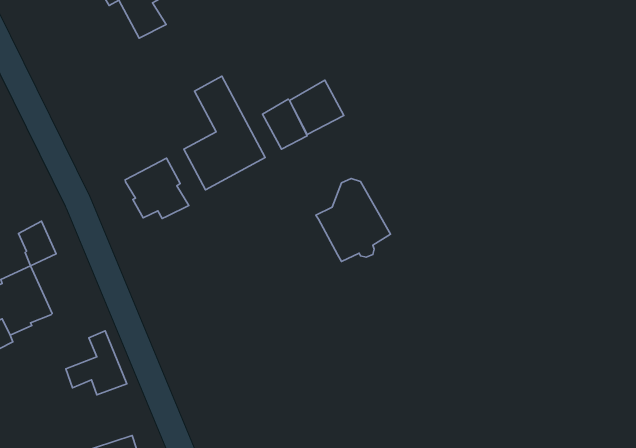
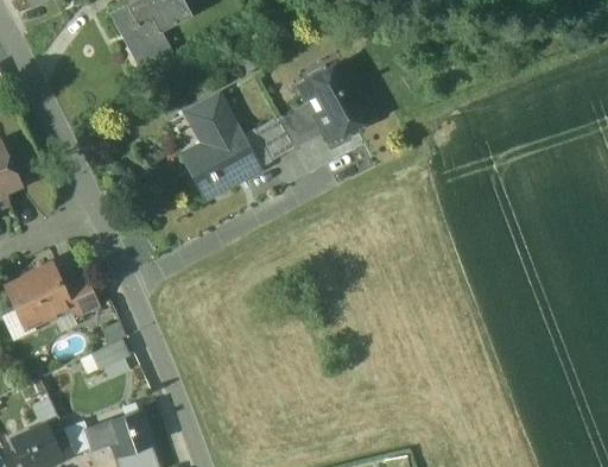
building: [125,158,189,219] -> none
building: [316,179,390,261] -> [306,64,372,137]
building: [18,221,56,266] -> [63,278,96,317]

